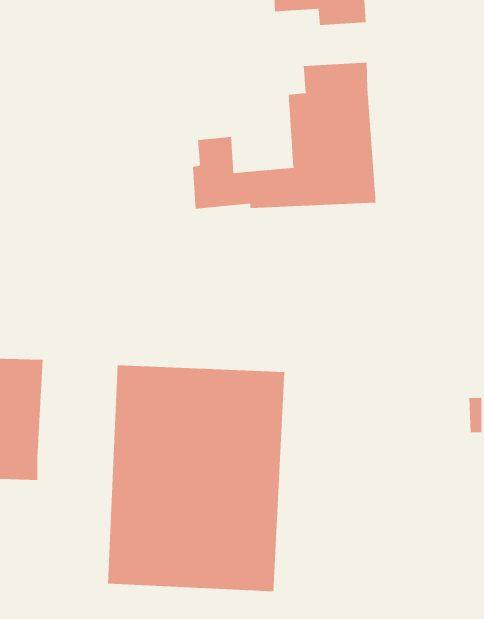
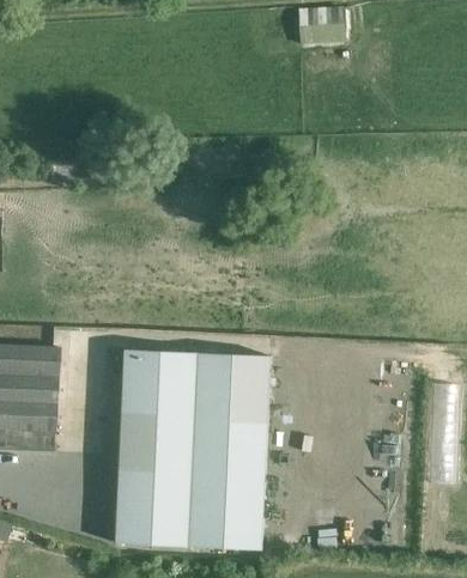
building: [193,62,376,209] -> none

